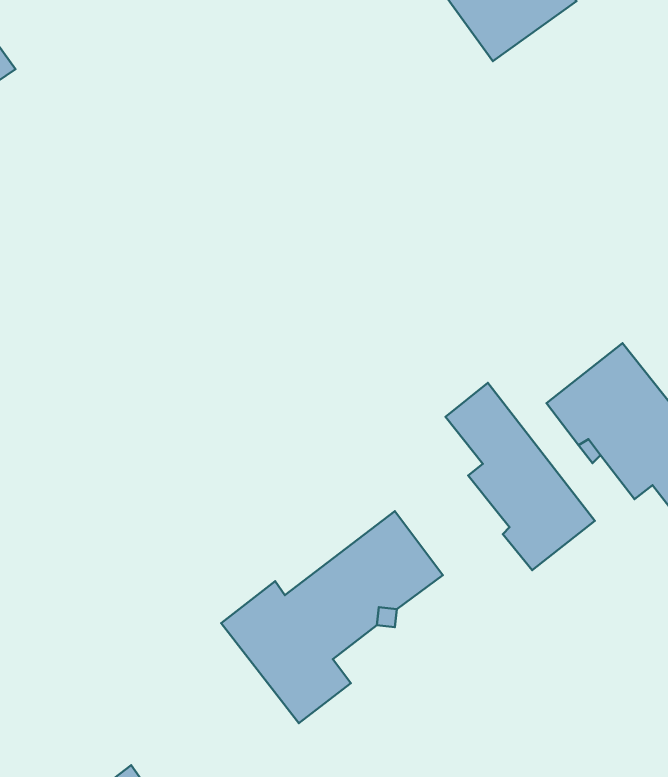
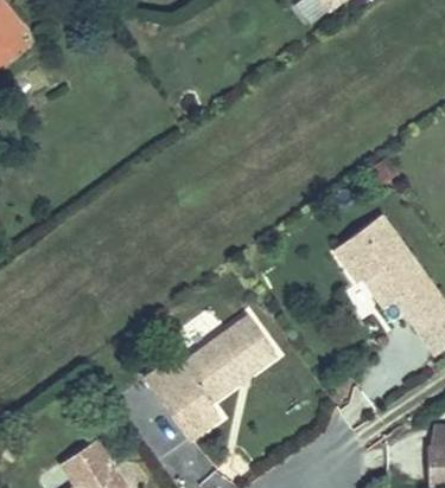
building: [446,383,595,570] -> none

